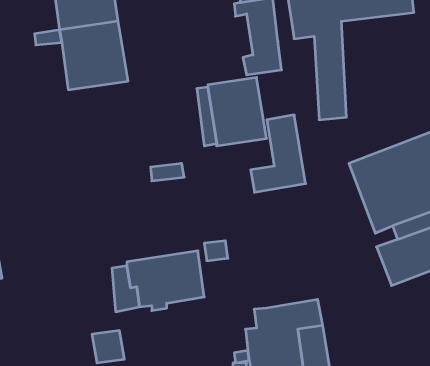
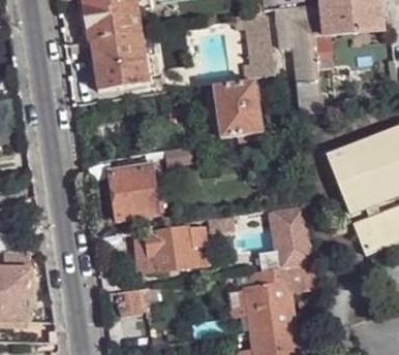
building: [251,115,306,192] -> [258,207,304,271]
building: none -> [110,165,158,220]

